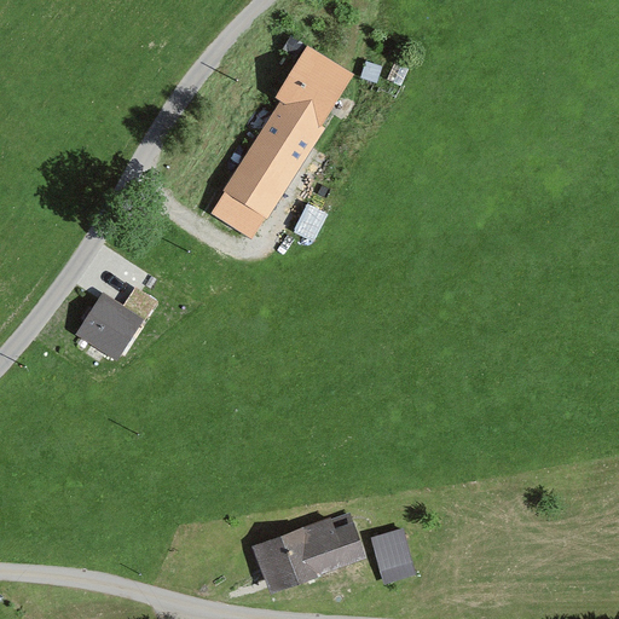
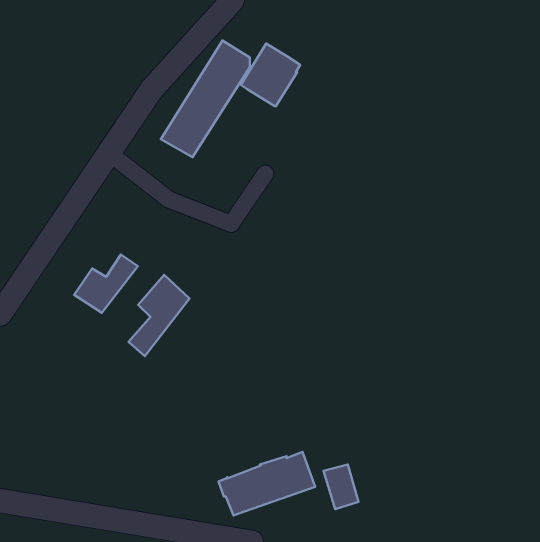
building: [214,102,316,235] -> [161,41,250,157]
building: none -> [129,275,189,356]

